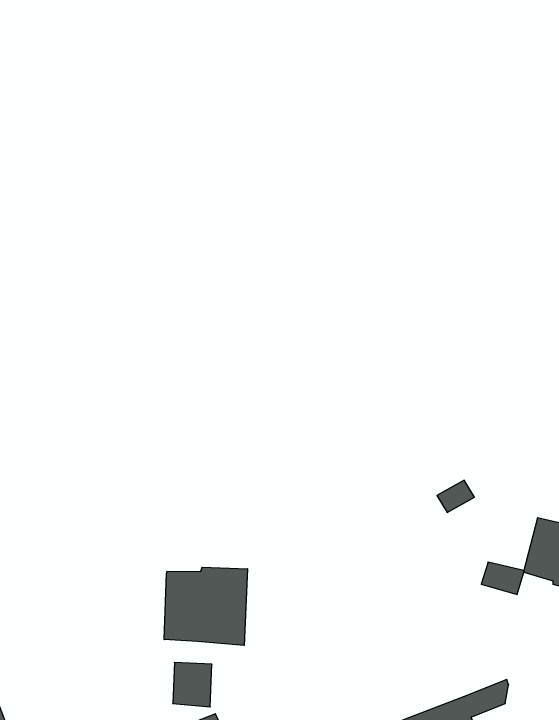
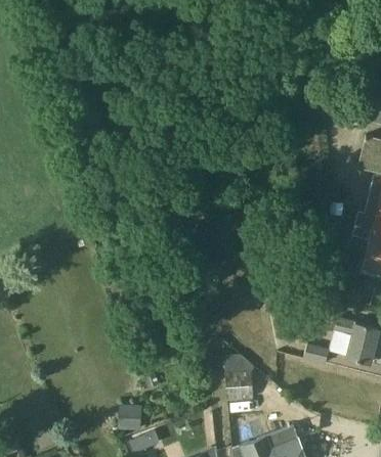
building: [164,567,247,645] -> none
building: none -> [225,357,254,402]

